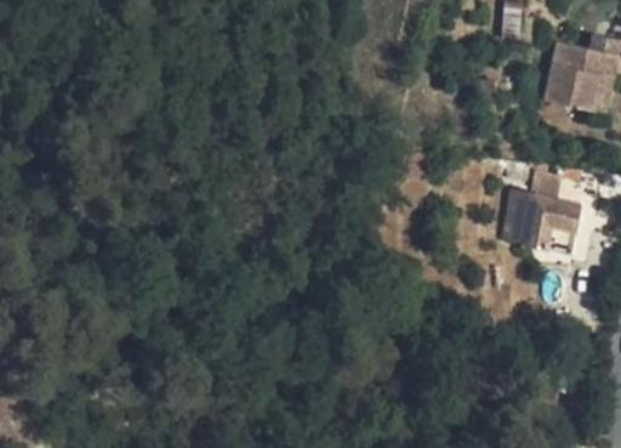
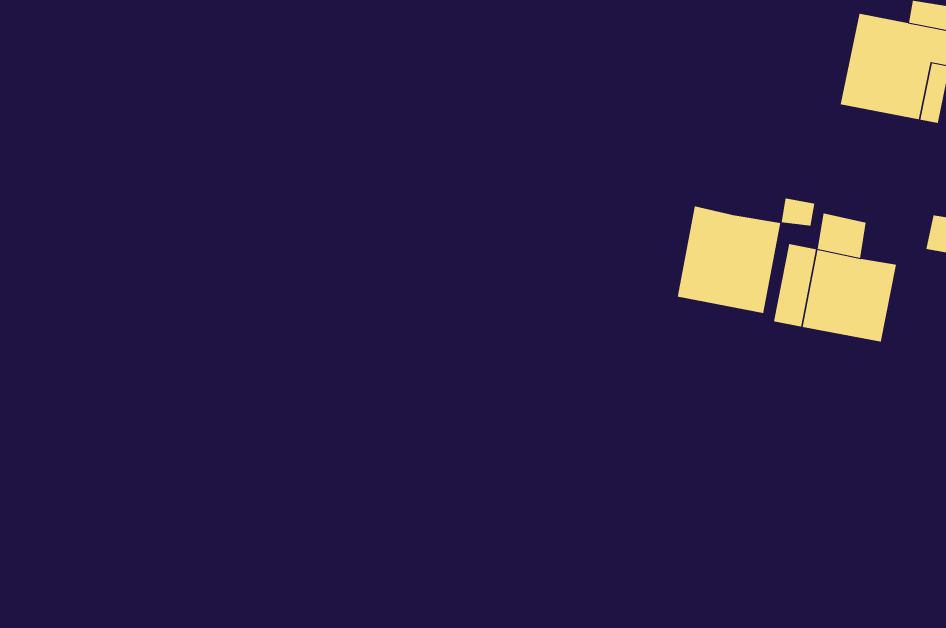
building: none -> [677,206,781,314]

